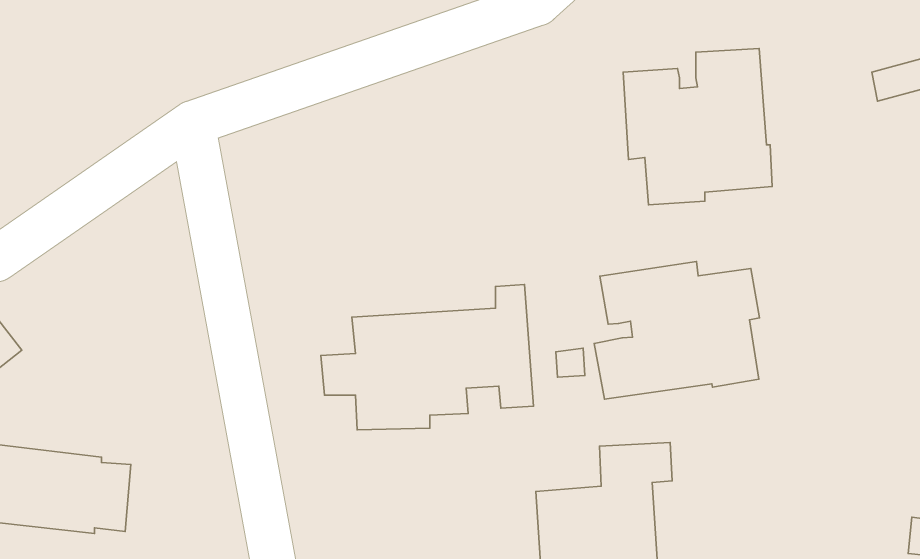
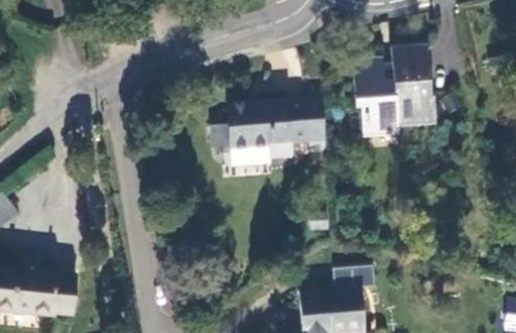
building: [594,261,760,399] -> none
building: [321,285,534,430] -> [208,87,326,168]

